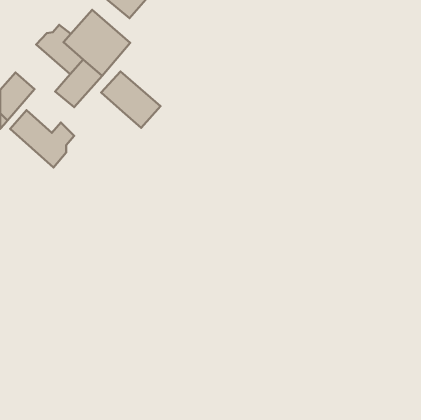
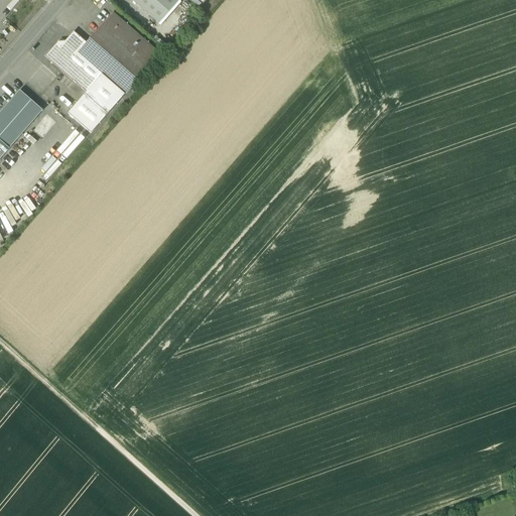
building: [101,72,160,128] -> none
building: [10,110,74,168] -> none

